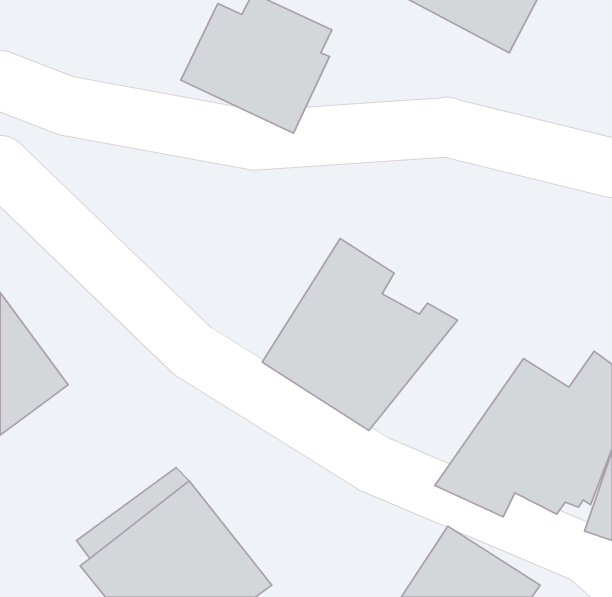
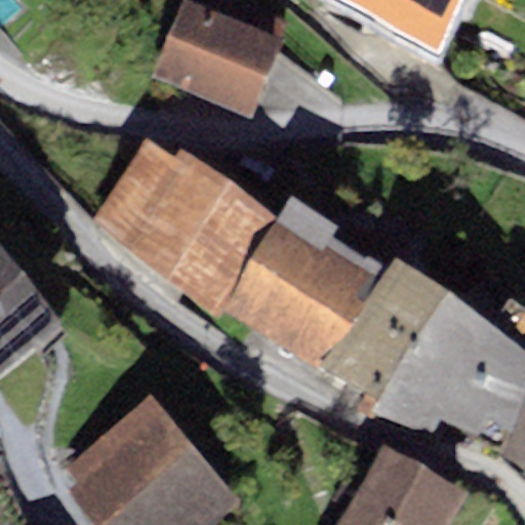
building: none -> [91,144,275,308]
building: none -> [316,267,448,415]

